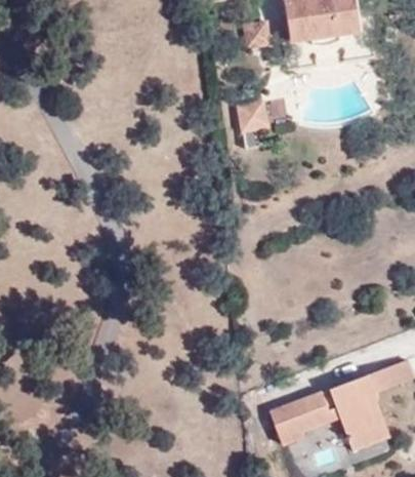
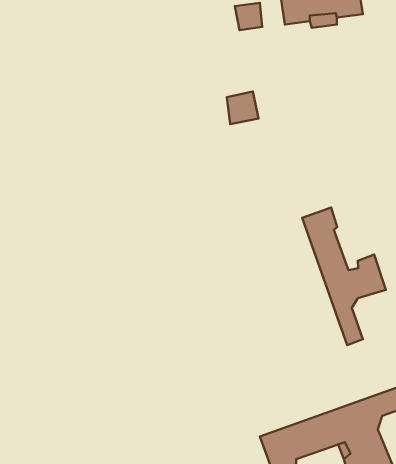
building: none -> [302,208,386,345]

